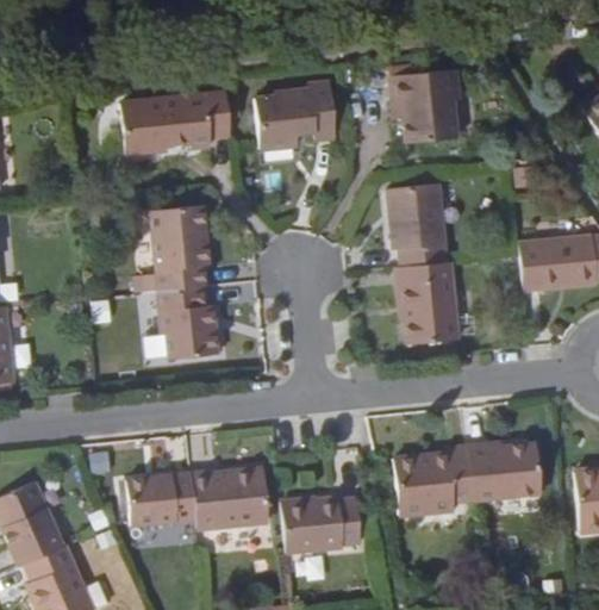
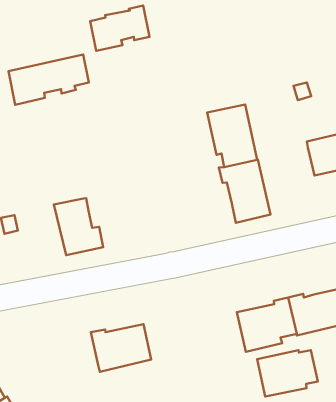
building: [389,69,458,142] -> none
building: [254,85,332,139] -> [90,5,149,51]
building: [143,207,208,291] -> none
building: [129,471,196,523] -> none
building: [281,494,361,553] -> [257,350,318,397]

